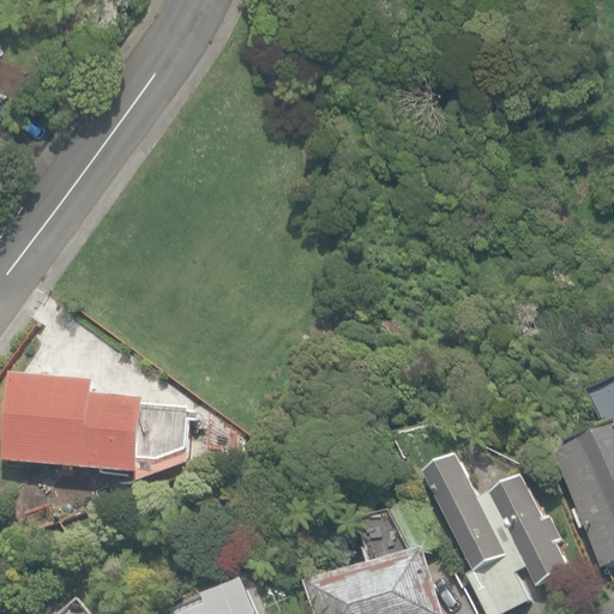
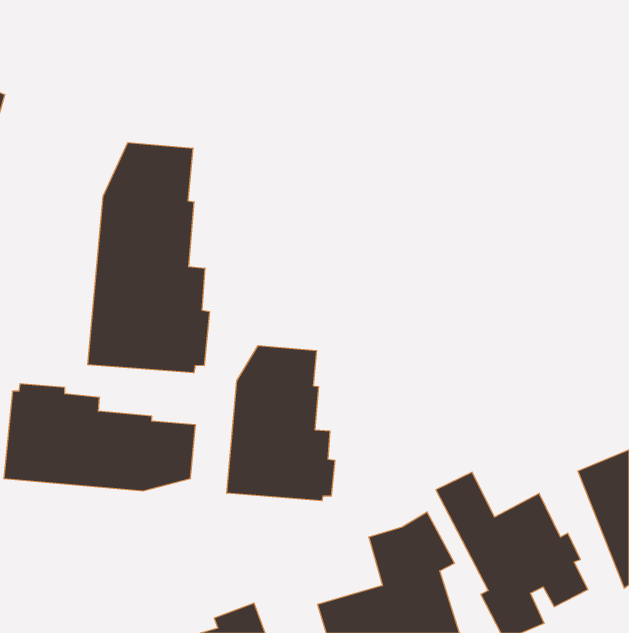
building: none -> [88,143,209,373]
building: none -> [227,346,335,501]

